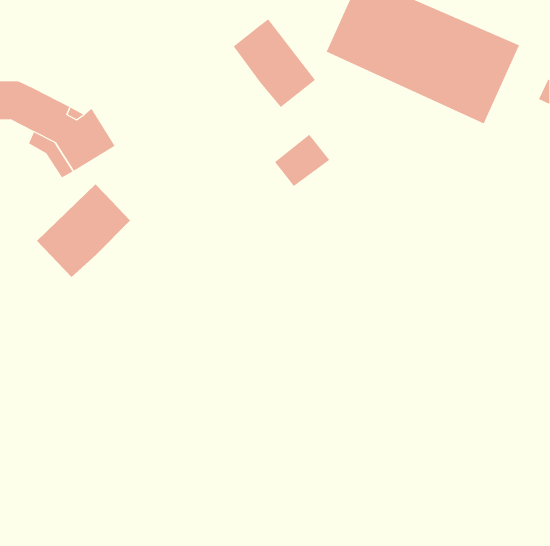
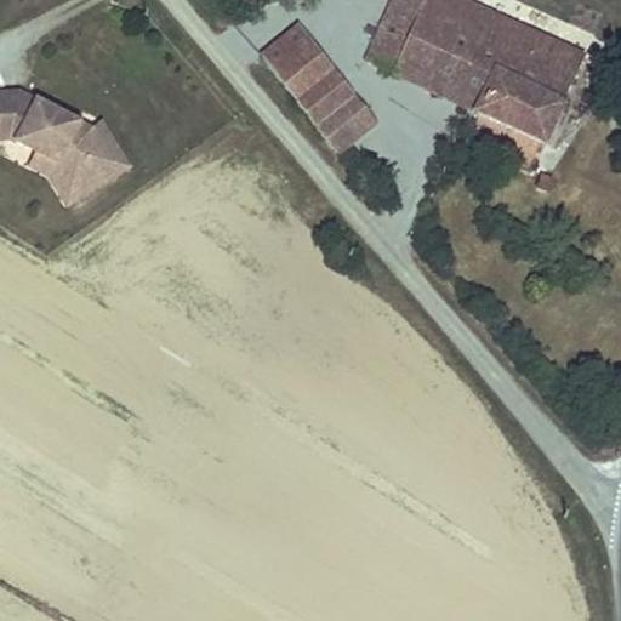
building: [274,134,330,187] -> [315,90,378,149]
building: [36,183,131,278] -> none

